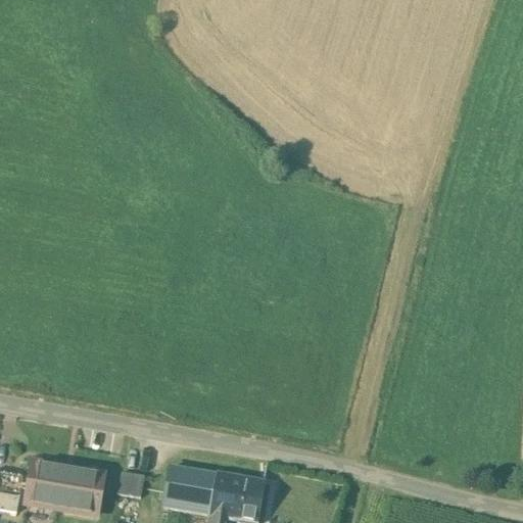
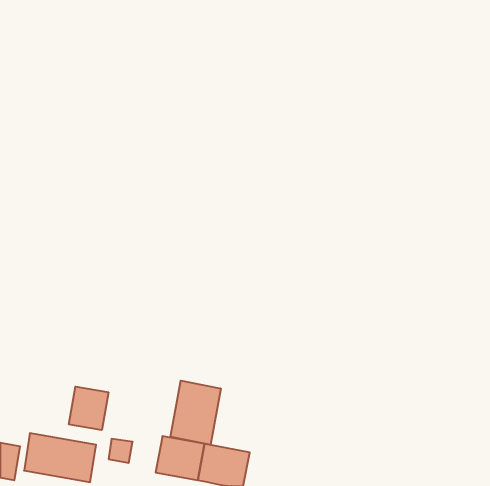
building: none -> [170,381,221,445]
building: none -> [69,387,108,430]

